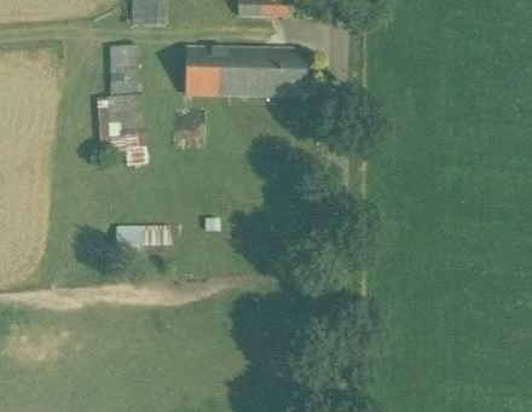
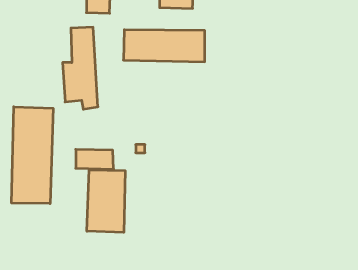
building: none -> [12,107,53,204]
building: none -> [87,170,125,232]

